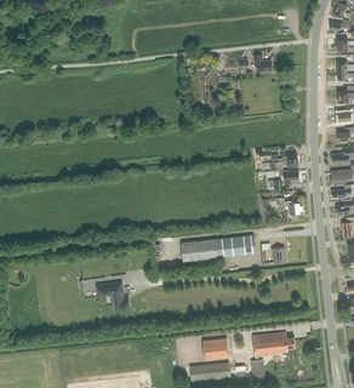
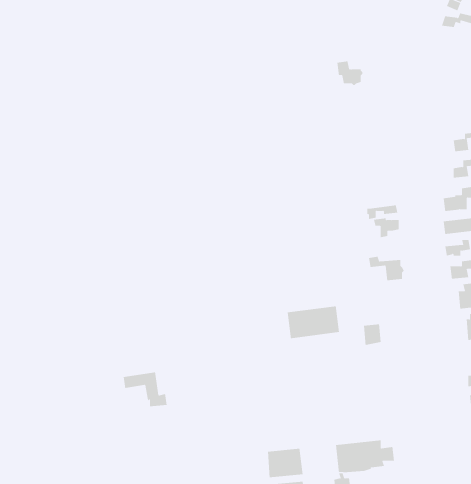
building: [179,239,218,262] -> none

